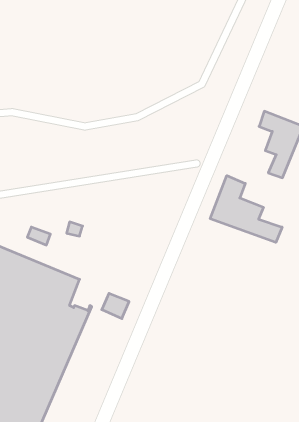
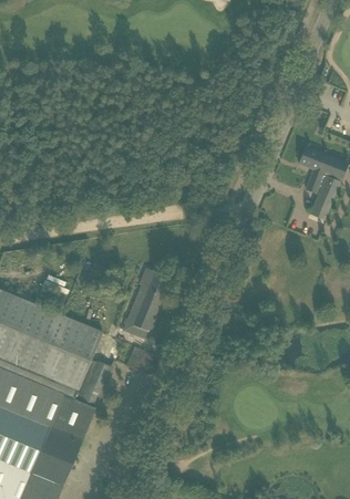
building: [210,176,282,242] -> none
building: none -> [123,267,169,337]

